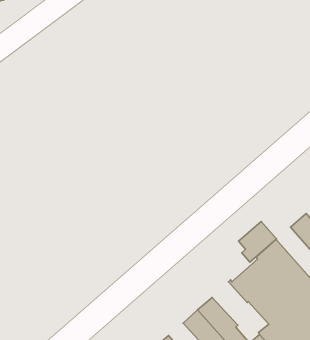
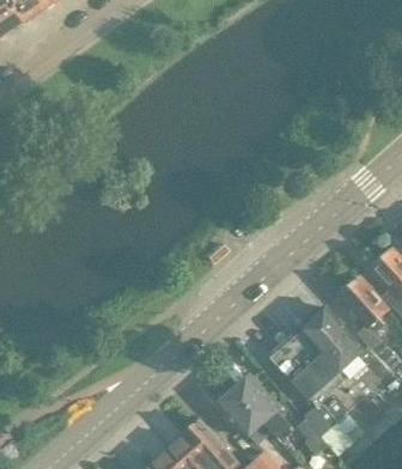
building: [238,221,277,262] -> none

